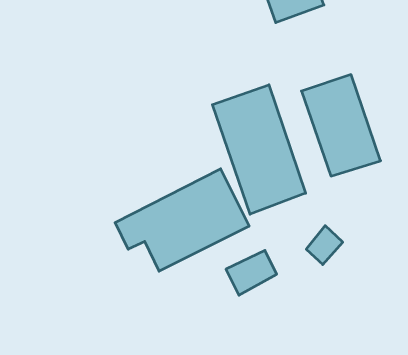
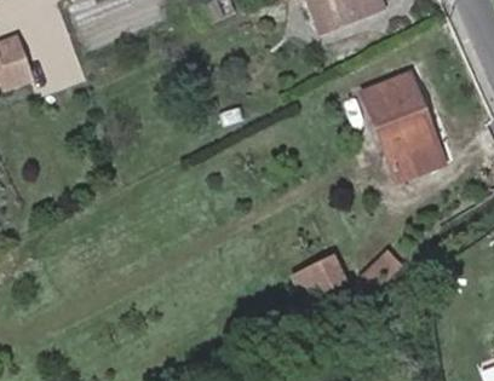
building: [212,85,306,214] -> none
building: [115,169,249,271] -> none

